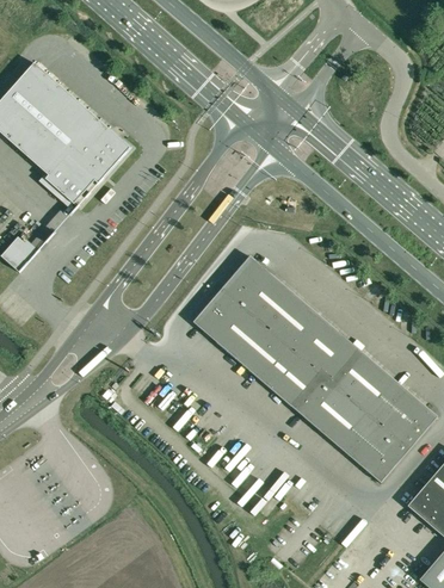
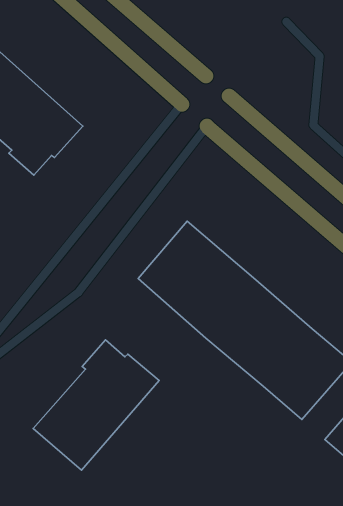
building: none -> [33,340,159,470]

